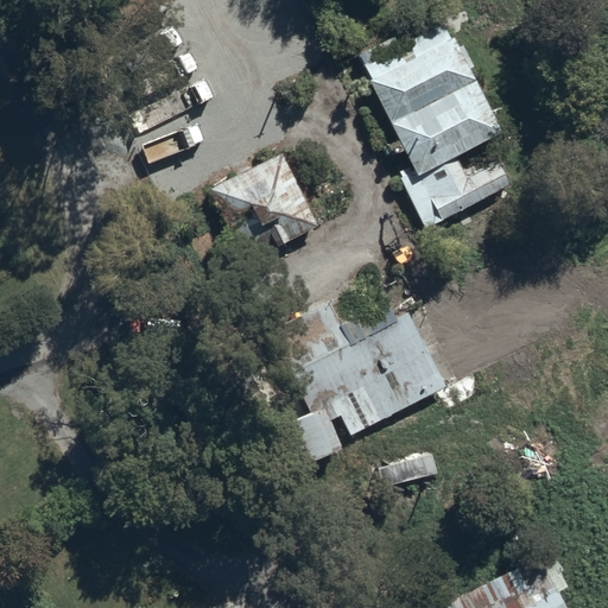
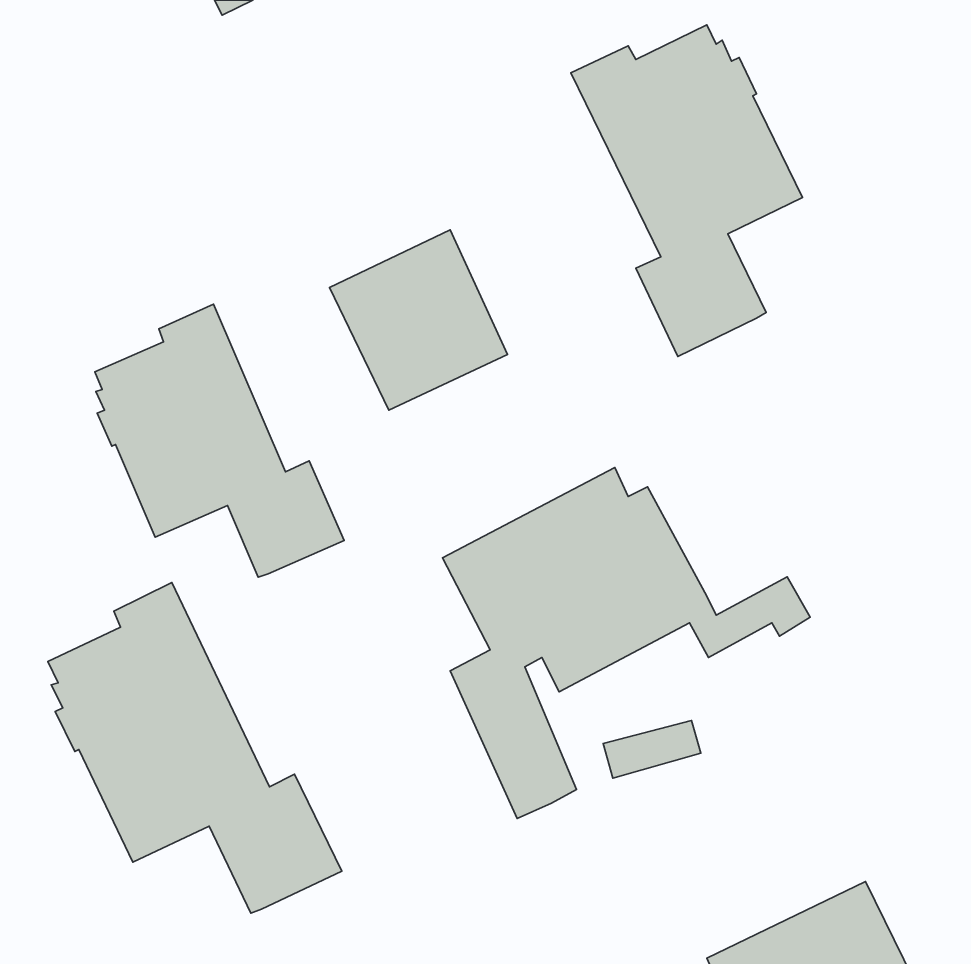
building: none -> [95,304,344,577]
building: none -> [48,583,342,913]

